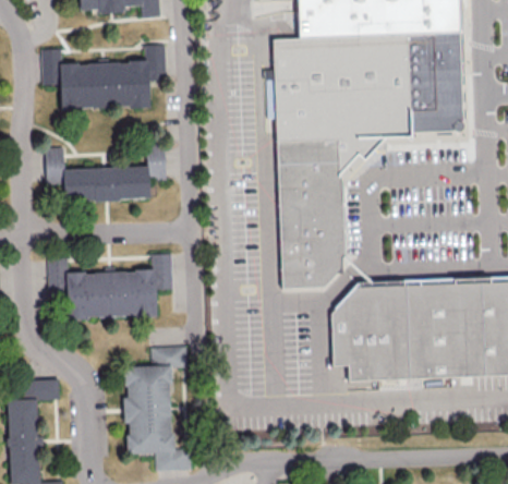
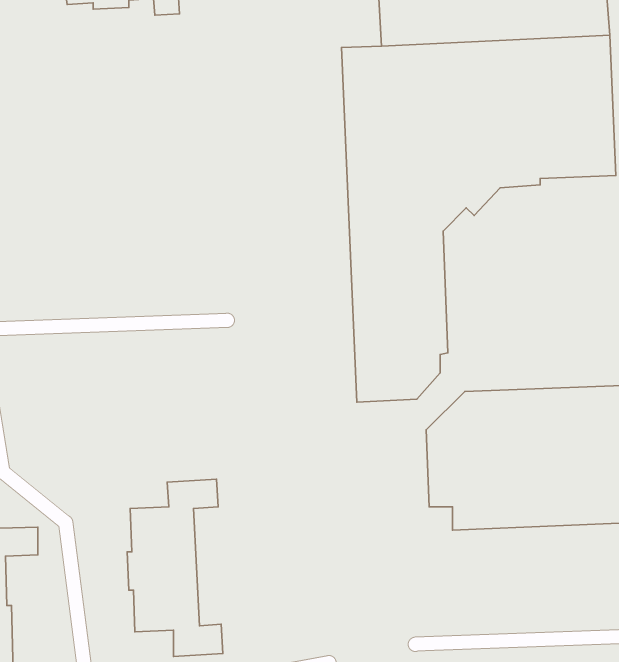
building: [41,44,166,109] -> none
building: [45,147,166,201] -> none
building: [47,253,172,318] -> none

